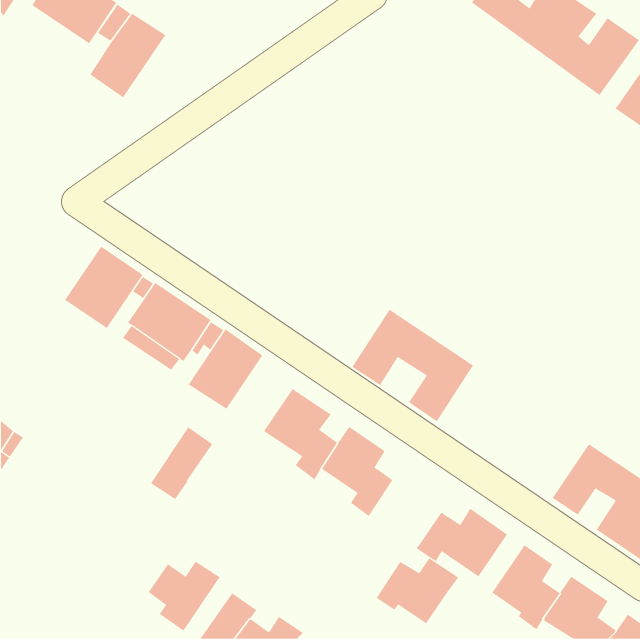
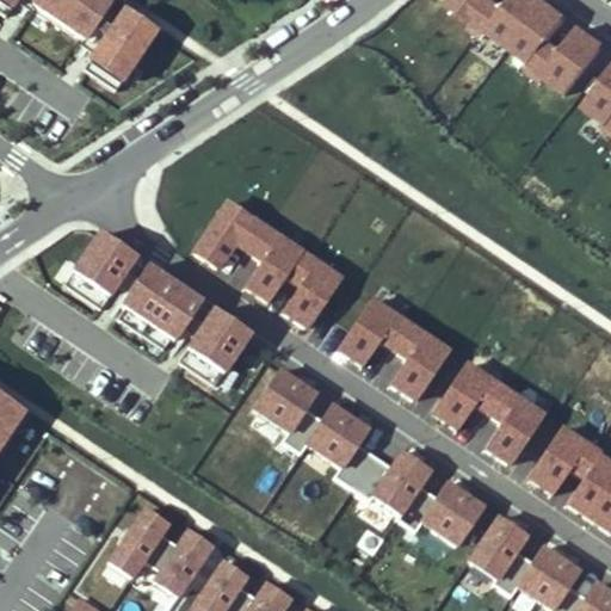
building: none -> [193,195,347,329]
building: none -> [430,356,547,463]
building: [150,427,213,500] -> [109,508,168,578]
building: [376,557,459,624] -> [353,451,432,514]

